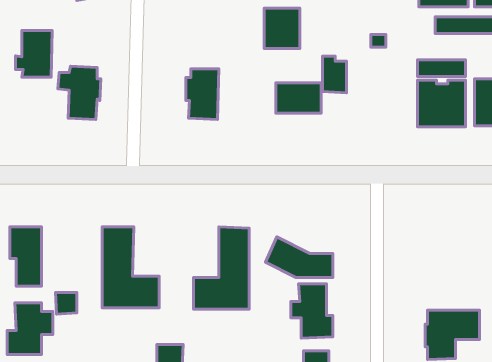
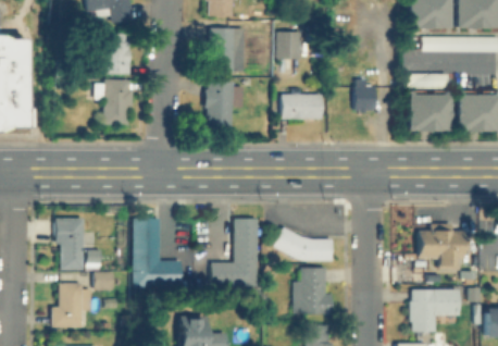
building: none -> [210,27,246,71]
building: [16,30,52,77] -> [100,34,132,74]
building: [322,56,347,93] -> [356,79,376,111]
building: none -> [421,223,463,270]

